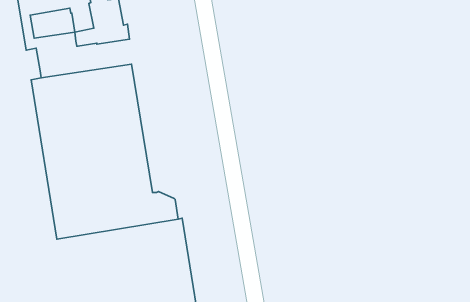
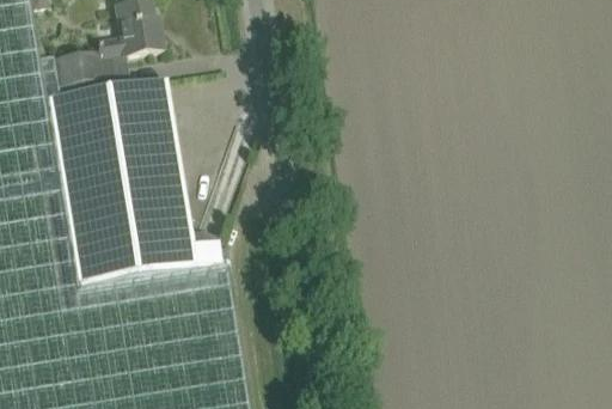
building: [30,8,75,38] -> [50,56,104,92]

